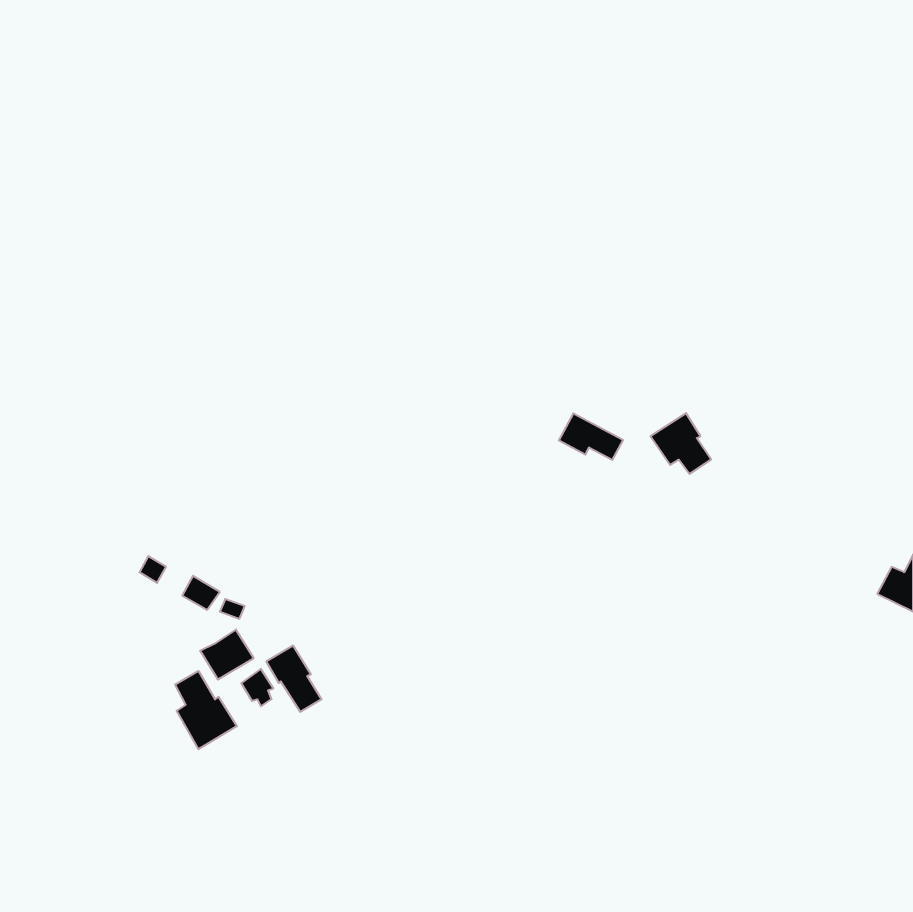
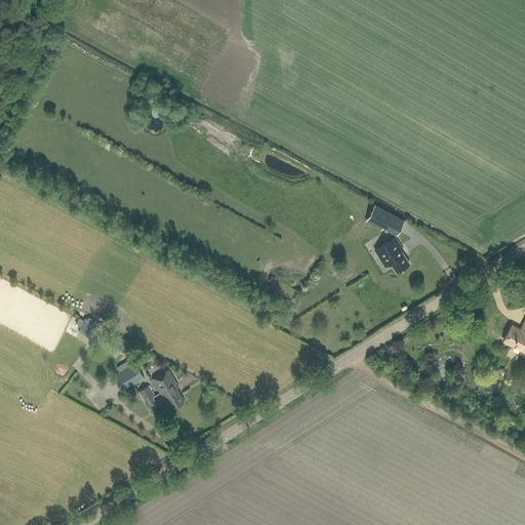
building: [559,413,623,460] -> [365,206,402,233]
building: [175,671,237,749] -> none

